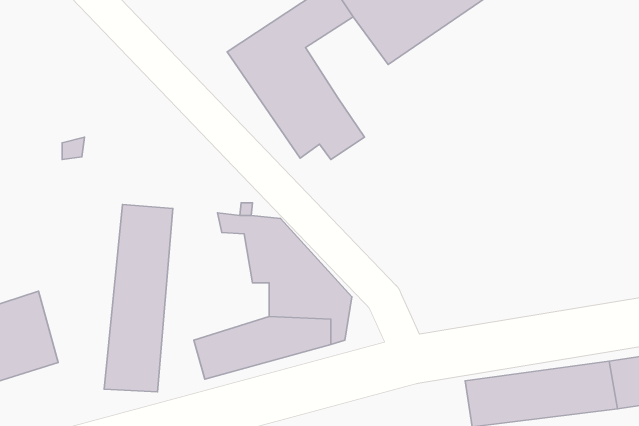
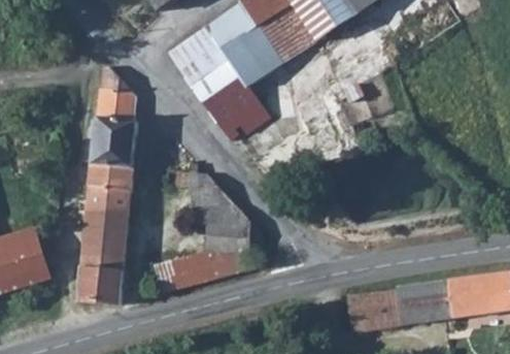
building: none -> [227,26,287,86]
building: none -> [92,68,132,167]

